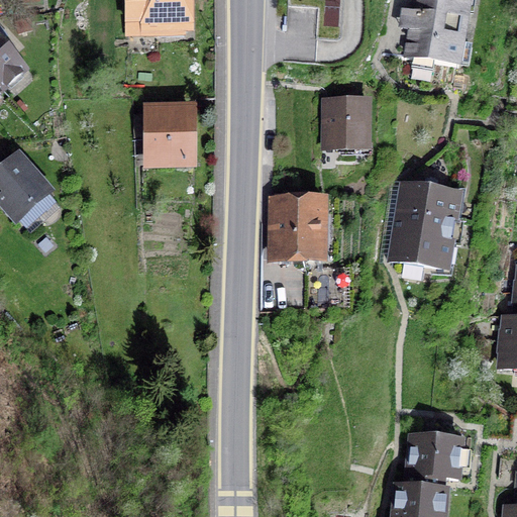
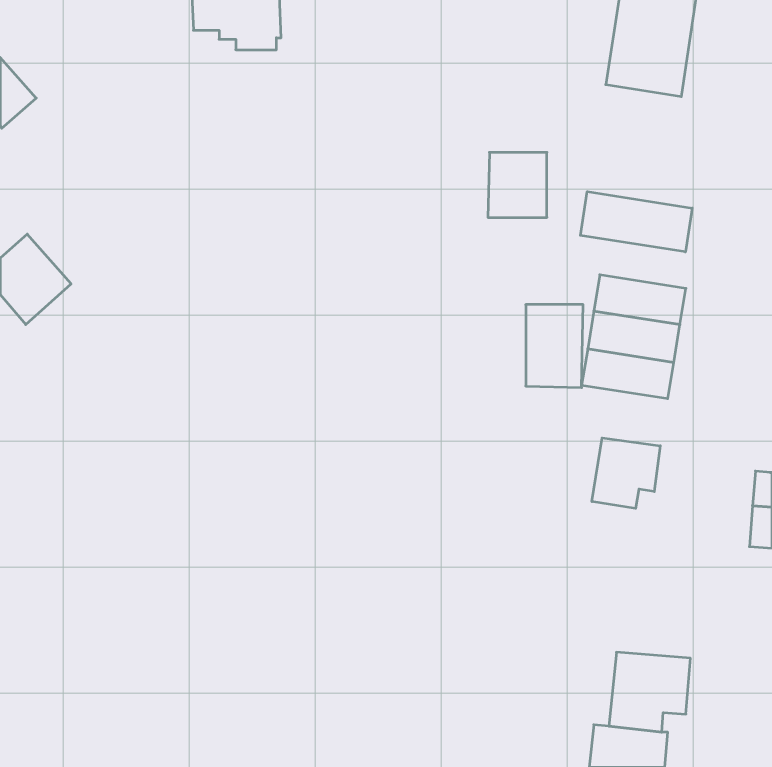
building: [144,102,187,159] -> none
building: none -> [580,192,692,252]
building: [279,202,317,257] -> [526,305,583,388]
building: none -> [592,438,660,508]

